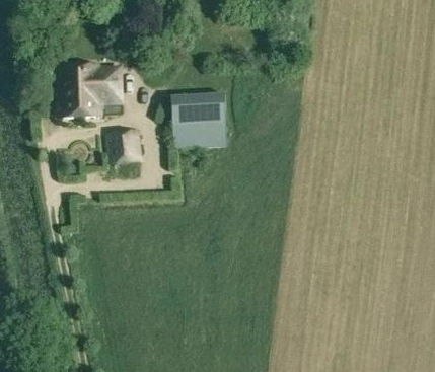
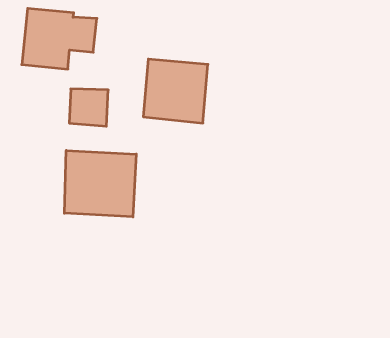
building: none -> [64,150,136,217]

